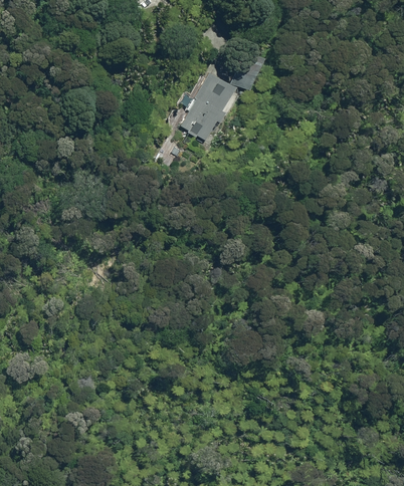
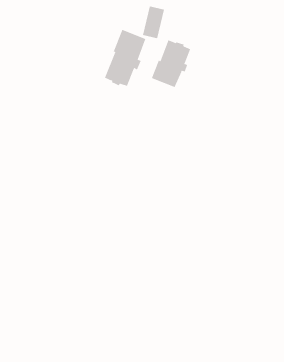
building: none -> [151,40,191,88]

